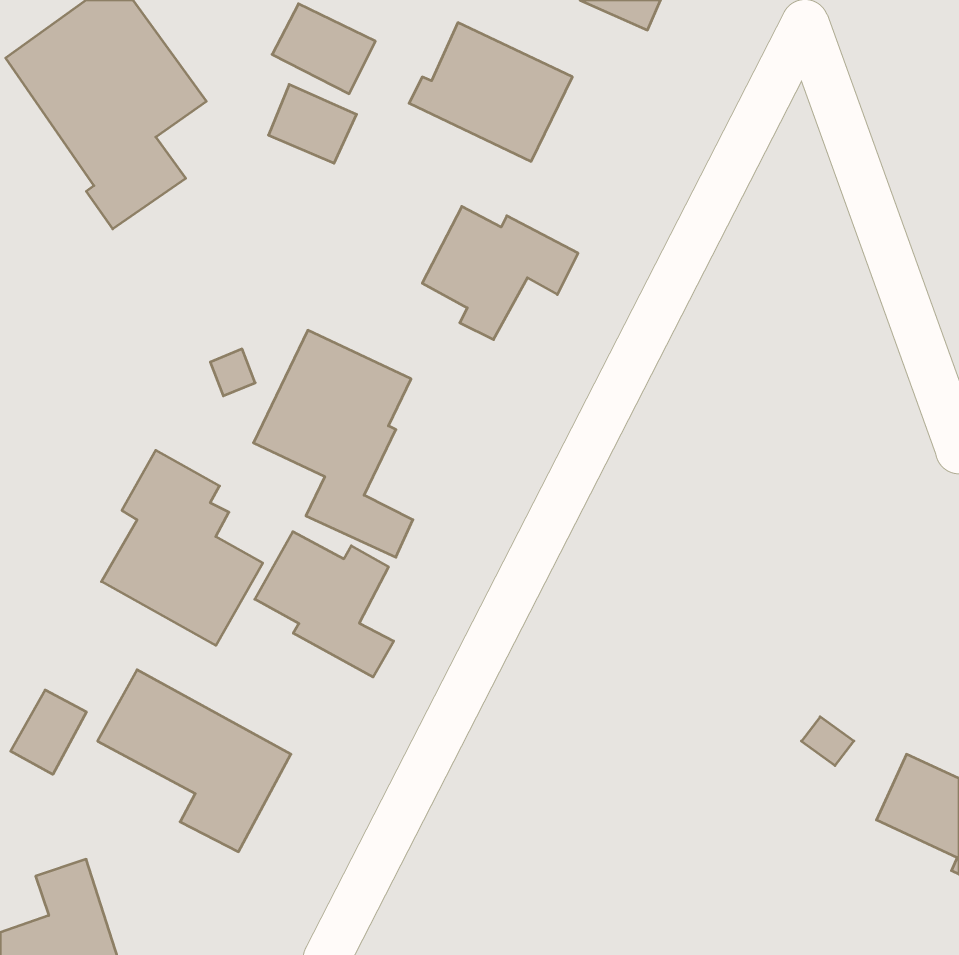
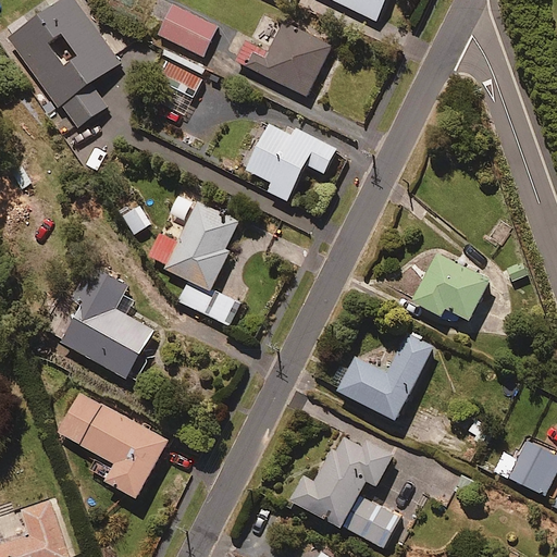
building: none -> [411,251,490,322]
building: [255,532,394,677] -> none
building: none -> [332,334,433,420]
building: [11,690,86,774] -> none
building: none -> [290,430,404,550]

